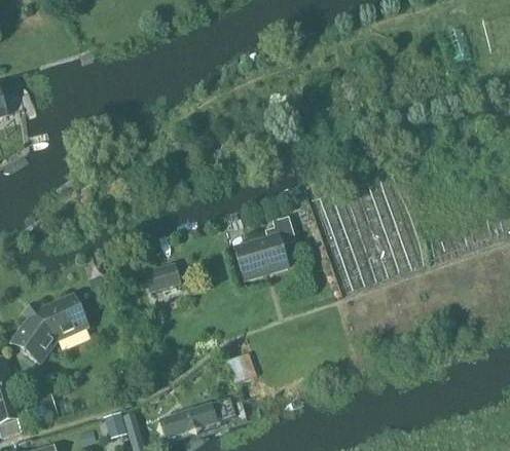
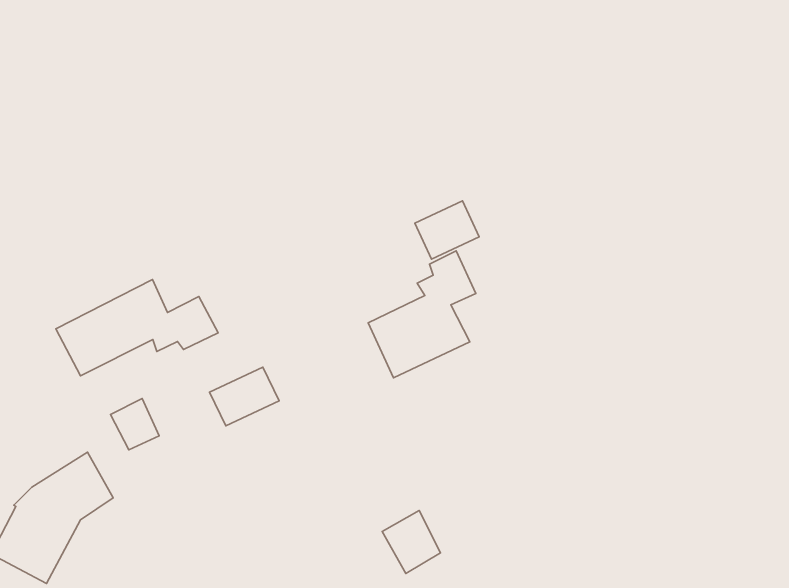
building: none -> [415,201,479,259]
building: none -> [56,280,218,376]

